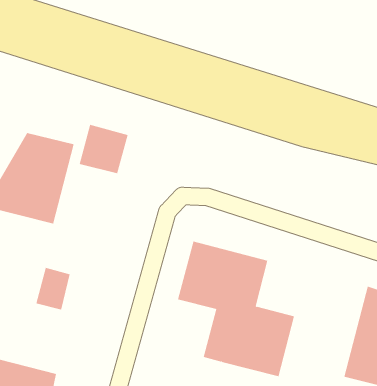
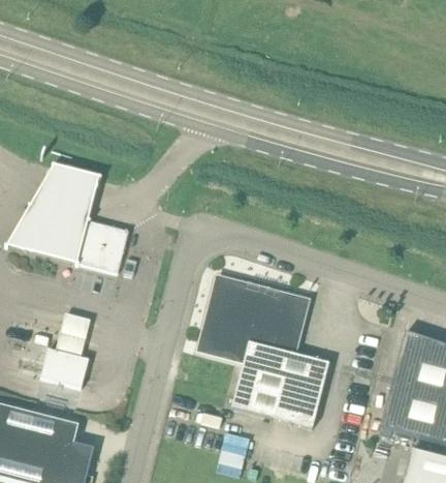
building: [79,124,129,174] -> [76,219,129,272]
building: none -> [41,349,89,387]

